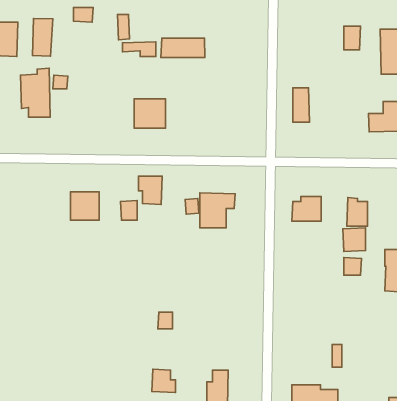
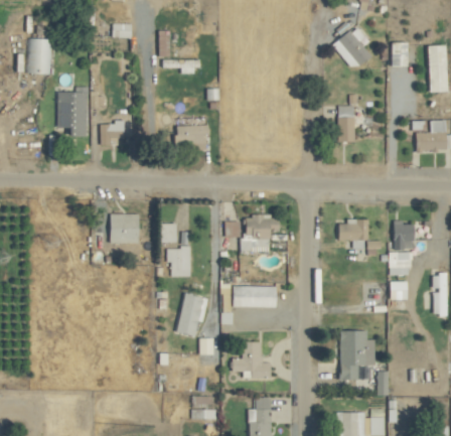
building: none -> [333,25,371,70]
building: [32,18,53,56] -> none
building: [161,38,205,57] -> none
building: none -> [101,121,123,146]
building: [139,176,162,204] -> [168,248,192,277]
building: none -> [234,286,276,307]
building: none -> [175,292,208,336]
building: none -> [340,330,375,380]
building: none -> [232,341,272,379]

